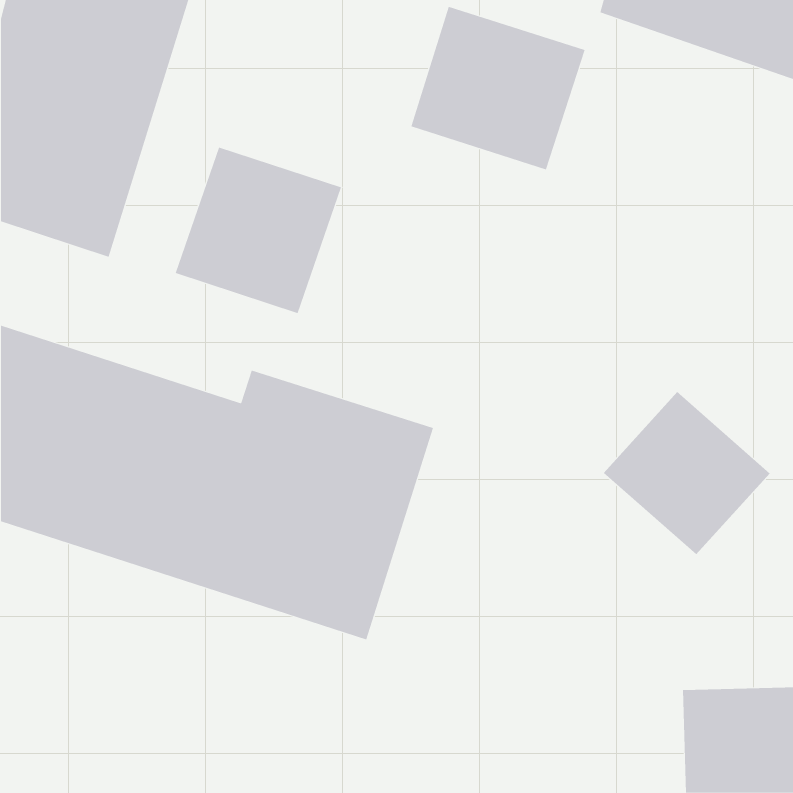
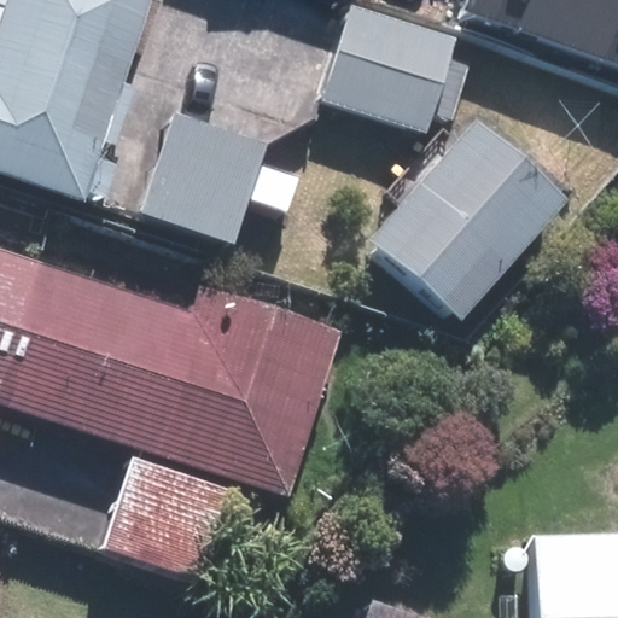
building: none -> [371,122,566,320]
building: [603,391,771,555] -> none
building: none -> [107,456,231,569]

